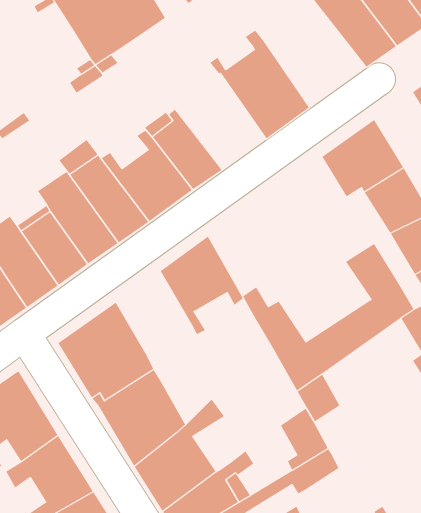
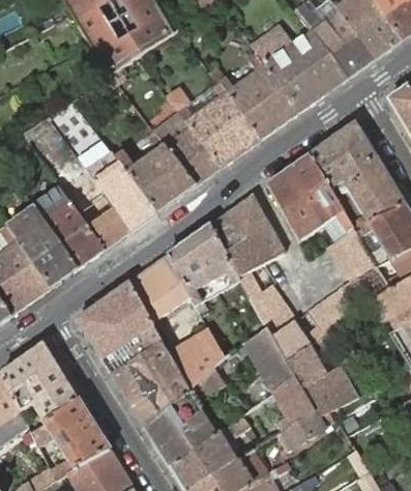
building: none -> [251,22,348,111]
building: none -> [167,81,260,166]
building: none -> [267,154,353,240]
building: none -> [209,194,285,277]
building: none -> [128,255,224,389]
building: none -> [245,327,295,391]
building: none -> [302,365,356,415]

